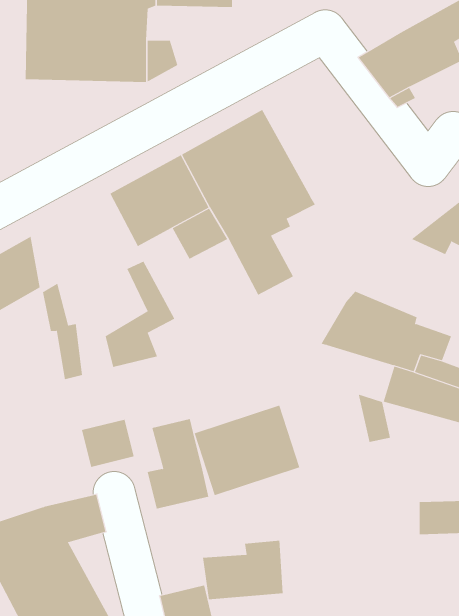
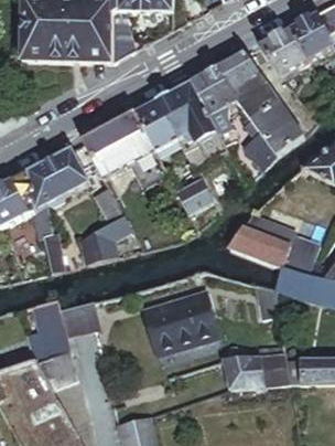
building: none -> [191,52,304,168]
building: none -> [28,147,87,210]
building: [147,418,209,509] -> [30,297,74,361]
building: [202,540,283,600] -> [229,343,287,385]

